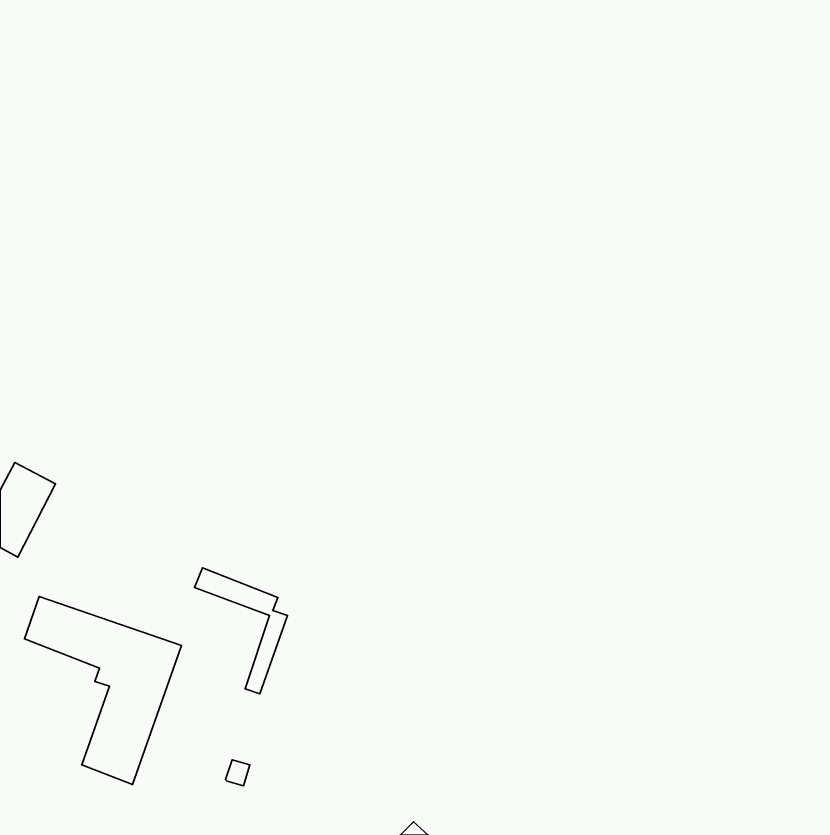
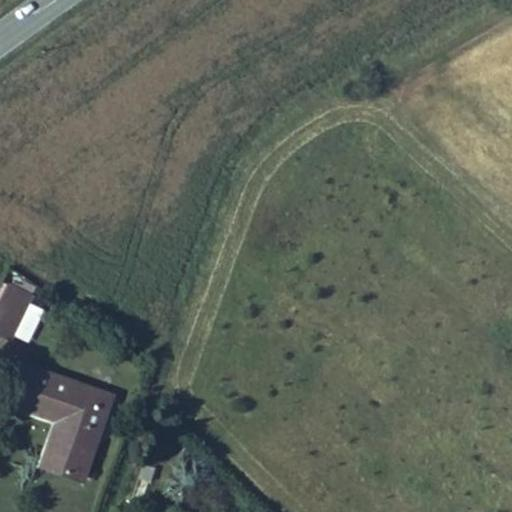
building: [194,568,288,694] -> [13,391,70,468]

